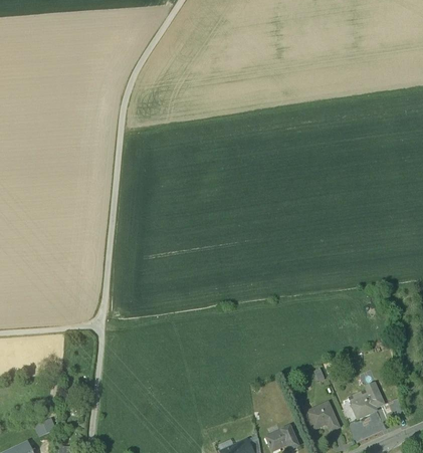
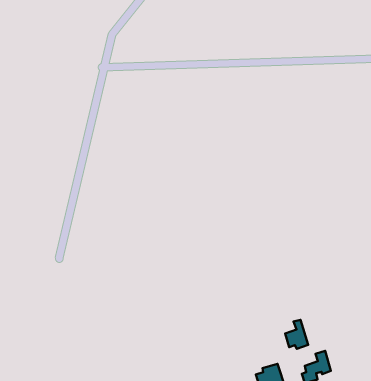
building: none -> [285,320,308,349]

